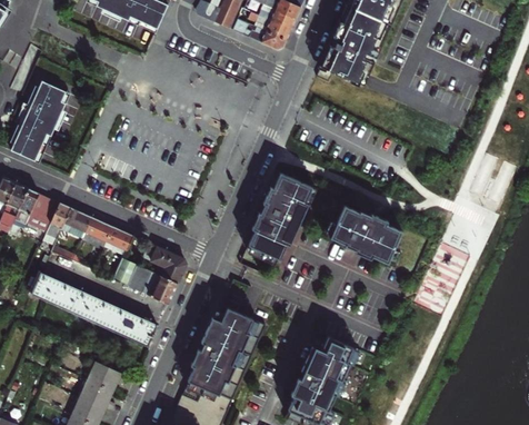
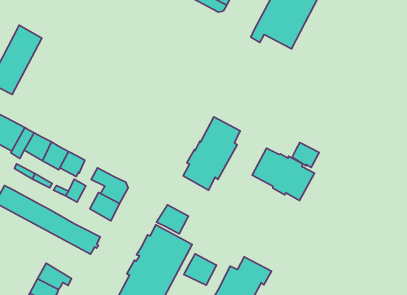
building: none -> [292,142,319,167]
building: none -> [156,205,188,234]
building: none -> [184,254,216,285]

